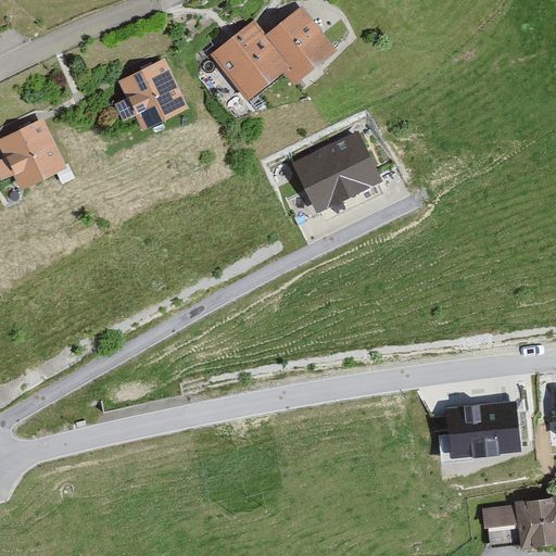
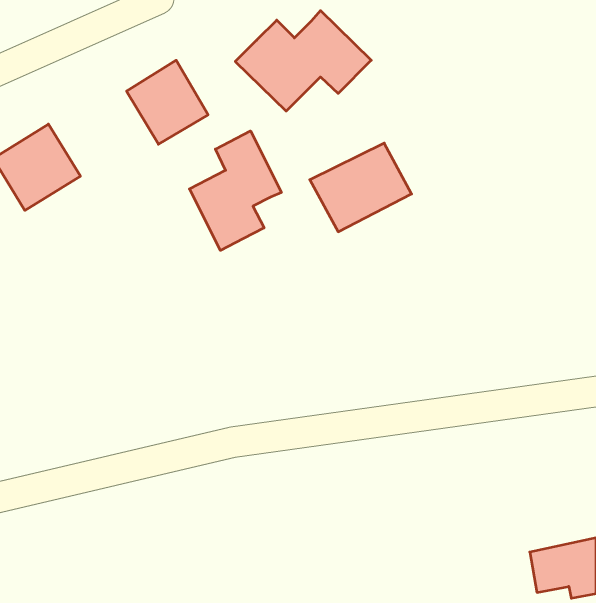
building: none -> [189,131,281,250]
building: [440,402,513,458] -> none

